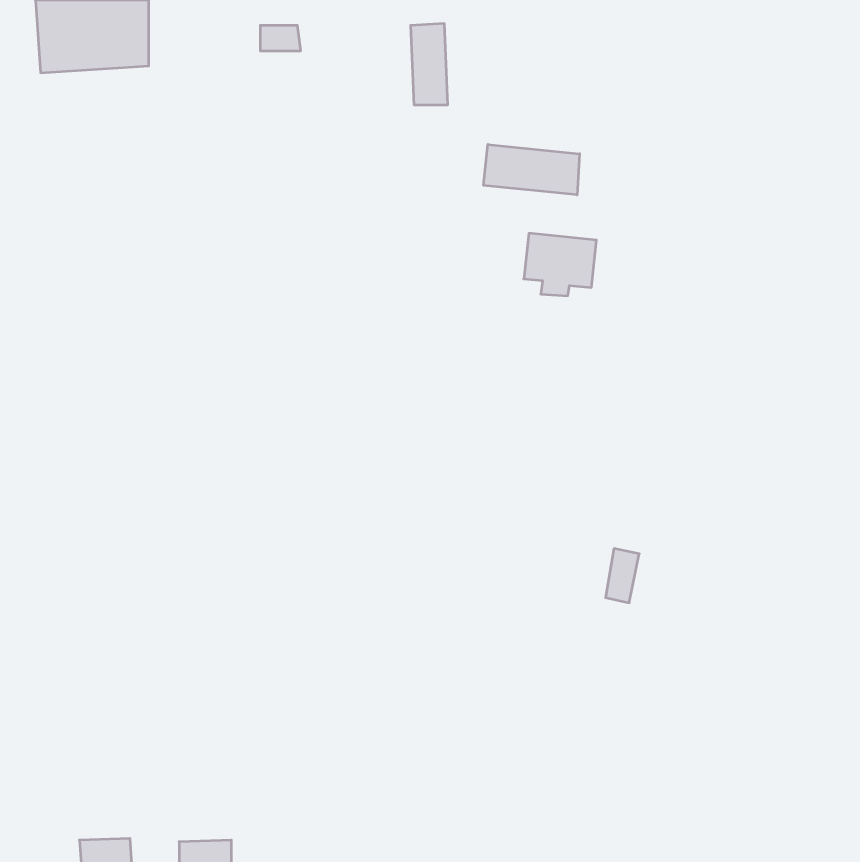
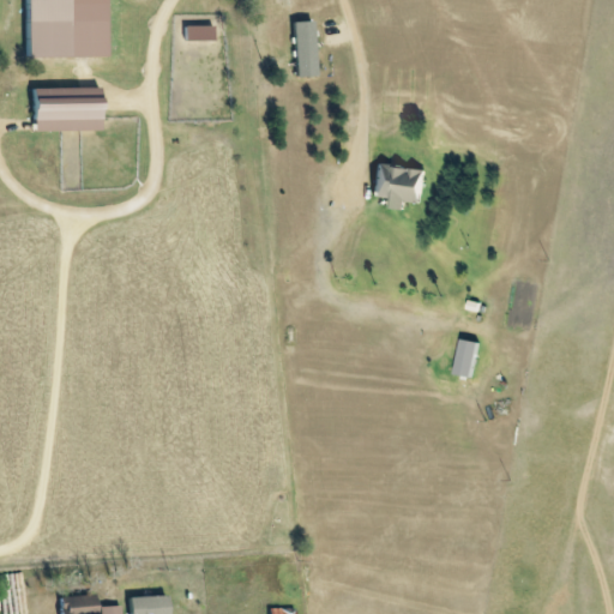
building: none -> [32,83,102,126]
building: [484,144,580,195] -> none
building: [606,549,639,603] -> [457,341,481,379]

